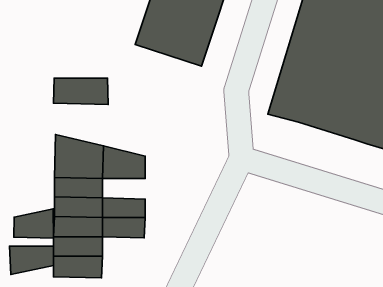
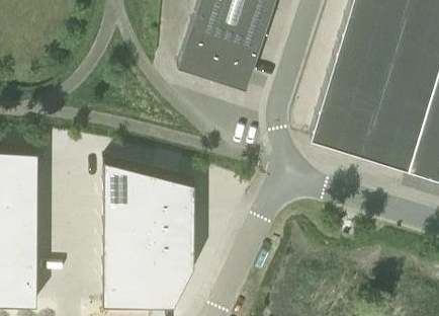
building: [53,78,108,104] -> none
building: none -> [146,206,188,226]
building: [14,209,53,238] -> none
building: none -> [145,263,187,304]
building: [10,246,53,274] -> none

